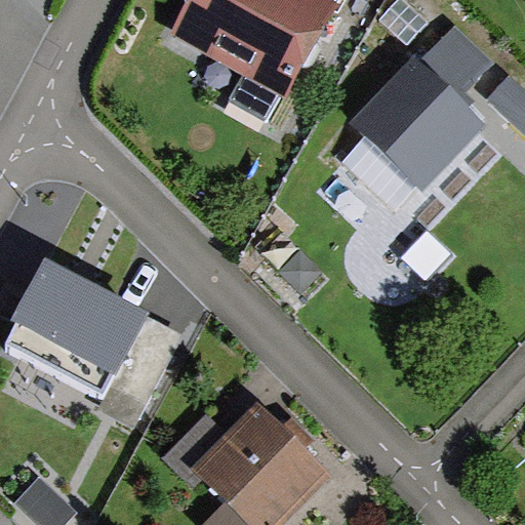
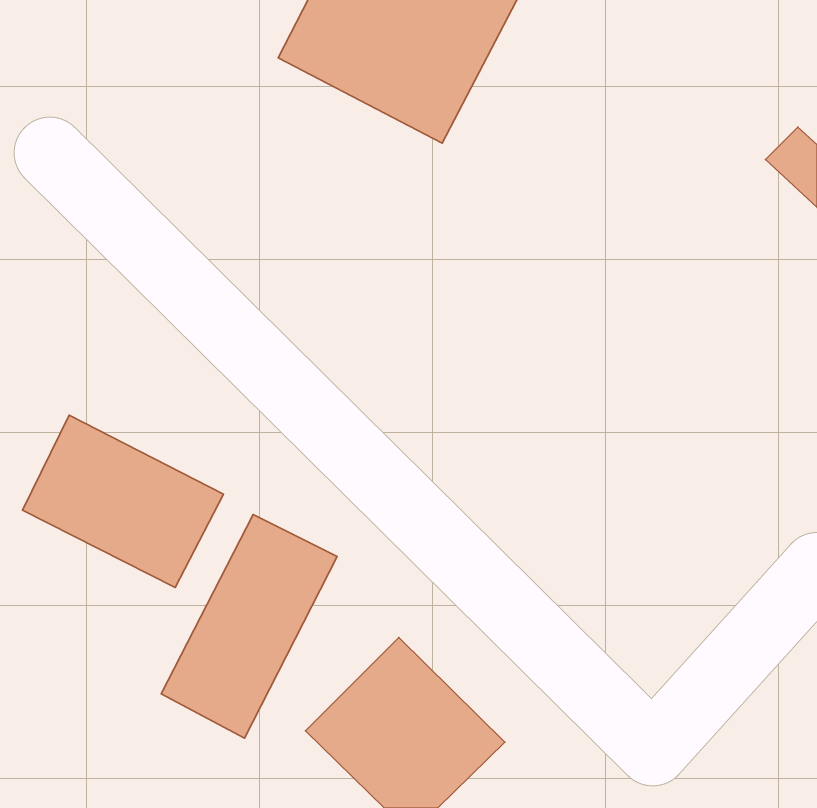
building: [355,31,485,194] -> none
building: none -> [161,515,337,738]

